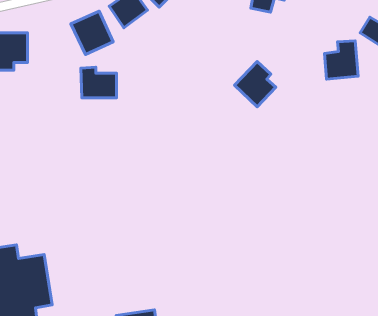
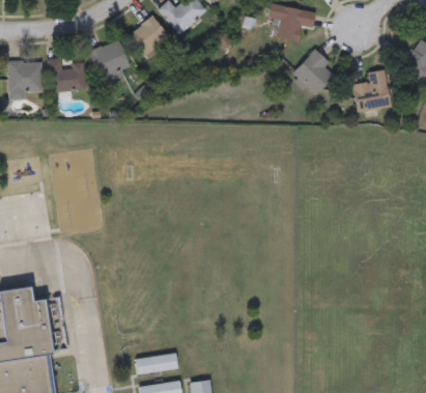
building: [235,61,276,107] -> [291,48,335,95]
building: [81,67,116,98] -> [47,58,84,90]

